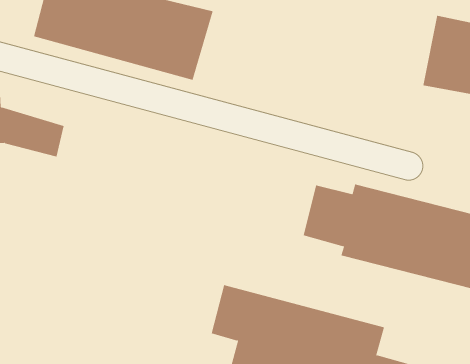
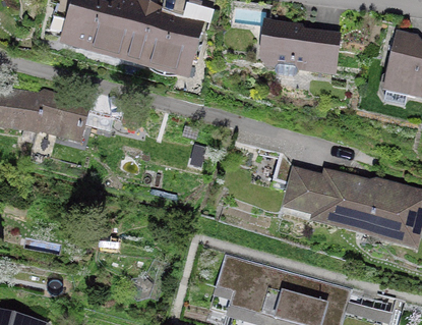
building: none -> [268,23,349,78]

